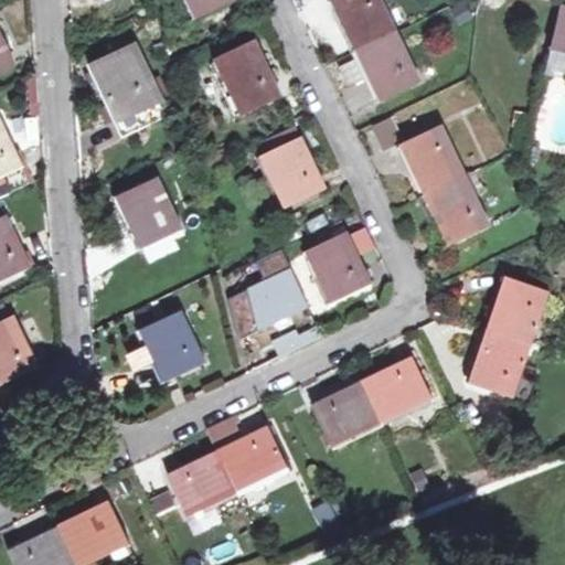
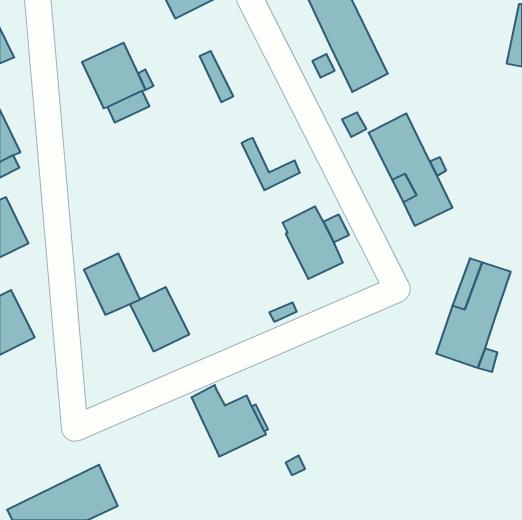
building: [227,42,278,104] -> none
building: [260,125,318,186] -> none
building: [117,178,178,244] -> [84,254,140,315]
building: [227,249,307,338] -> none
building: [311,356,429,448] -> none
building: [167,450,234,512] -> none

